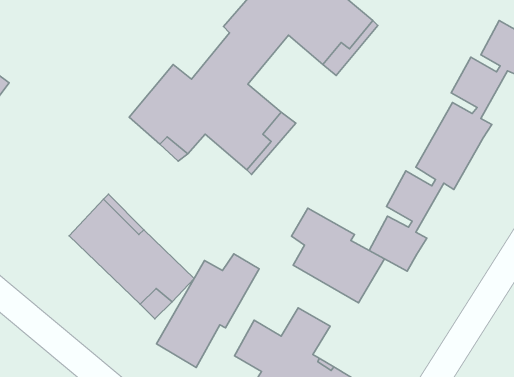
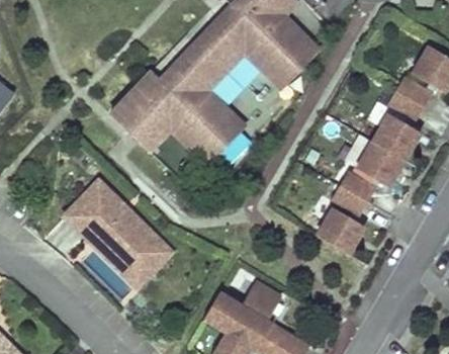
building: [291,208,385,303] -> none
building: [156,254,259,368] -> none

